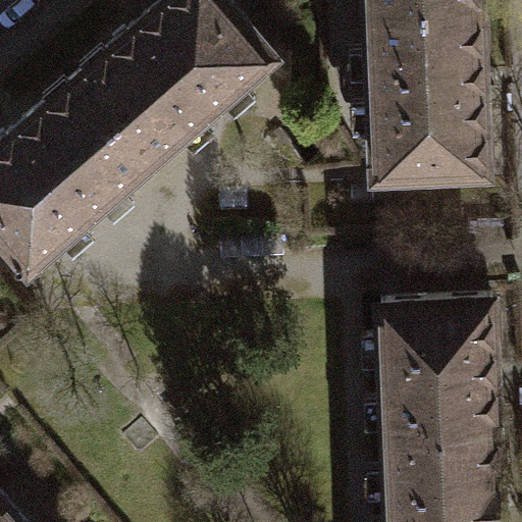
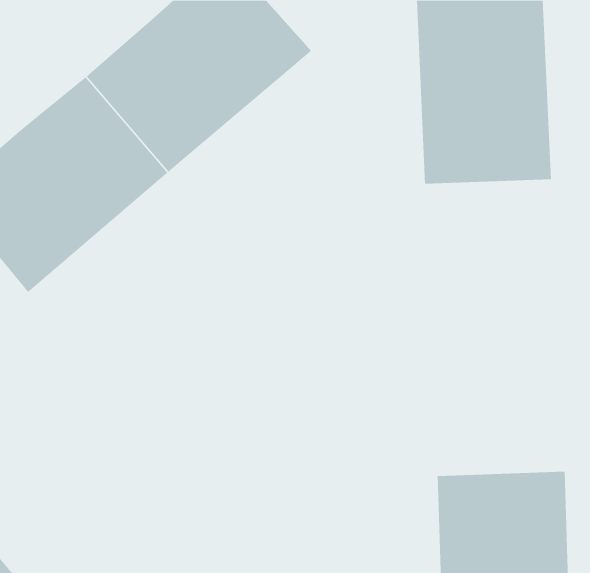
building: [380,305,498,435] -> none

